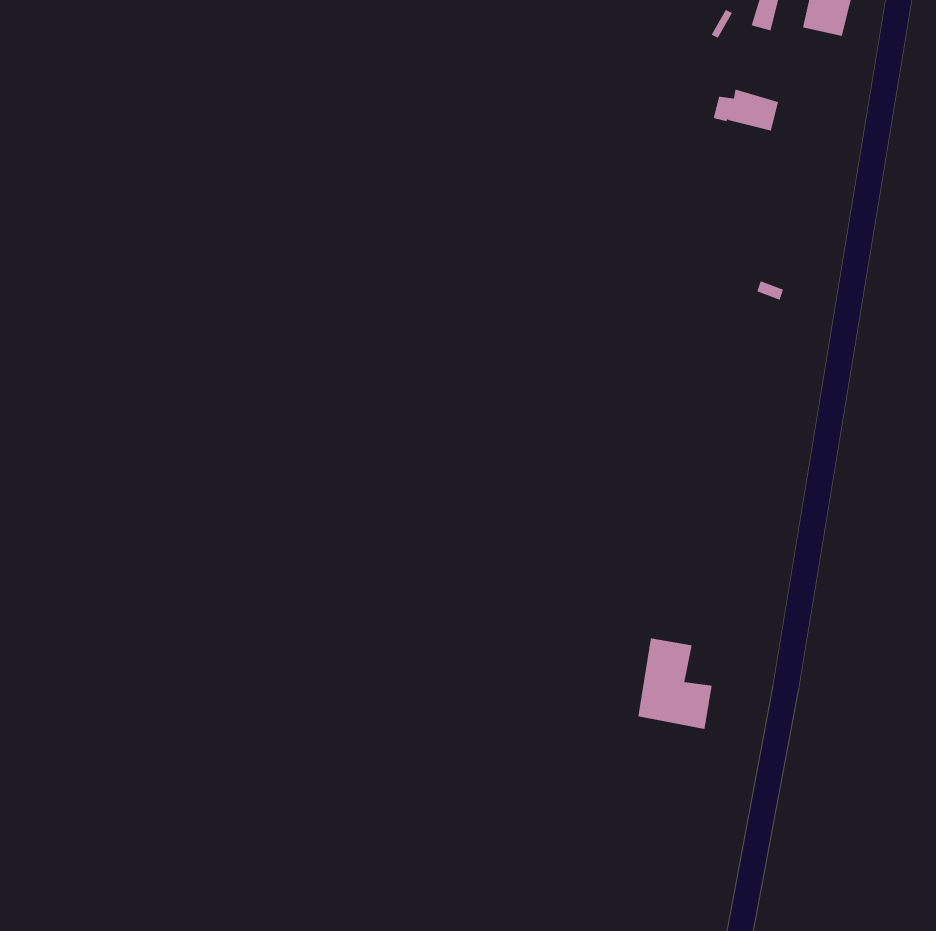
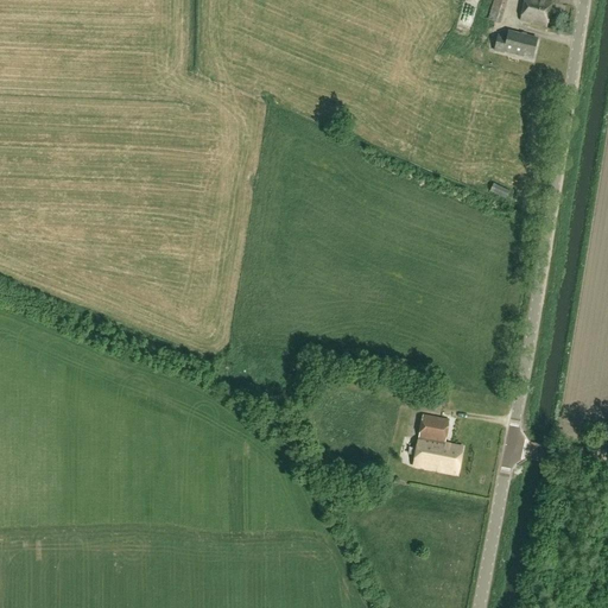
building: [713,89,779,131] -> [494,28,537,56]

